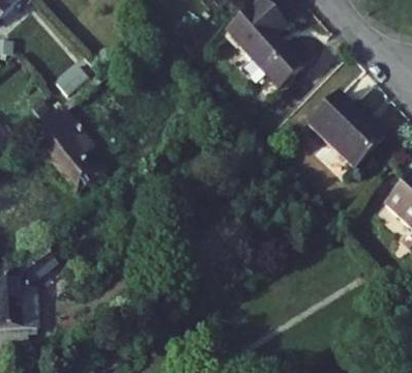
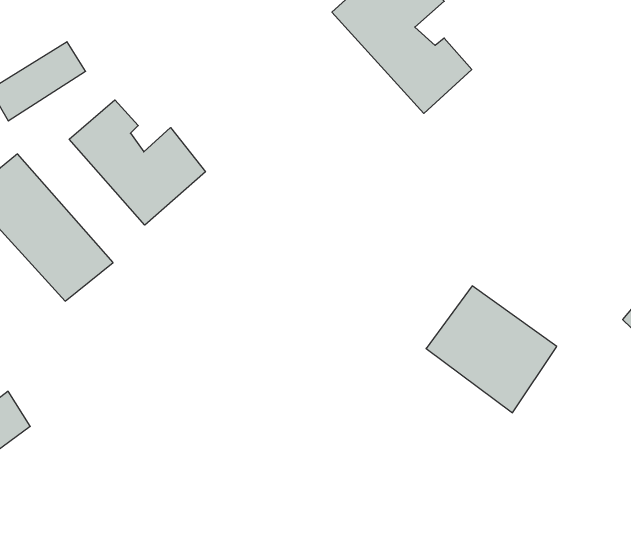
building: none -> [69,100,205,225]
building: [314,95,387,167] -> [426,286,557,413]

